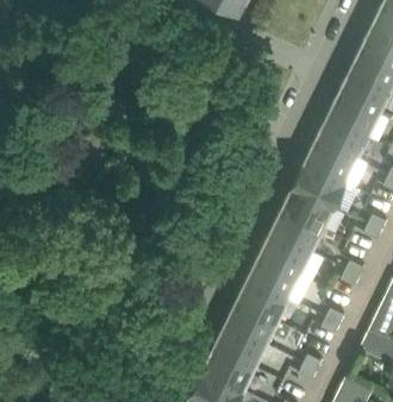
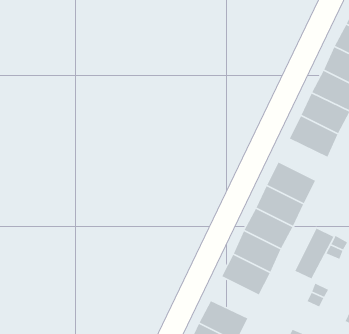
building: [292,165,343,209] -> none
building: none -> [294,227,334,279]
building: [225,304,274,346] -> none

